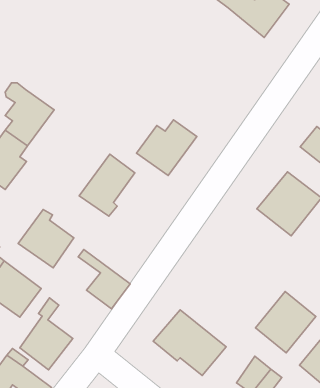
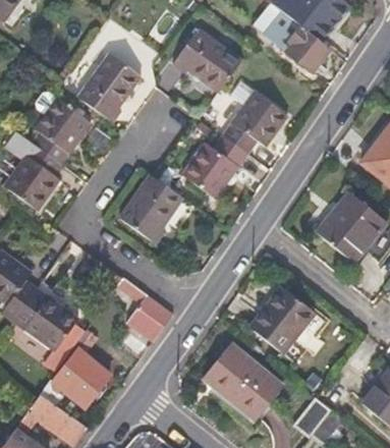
building: none -> [264,11,330,73]
building: none -> [171,27,242,92]
building: none -> [80,52,144,122]
building: none -> [222,81,288,153]
building: [18,209,74,268] -> none
building: [256,292,316,353] -> [246,284,313,351]

